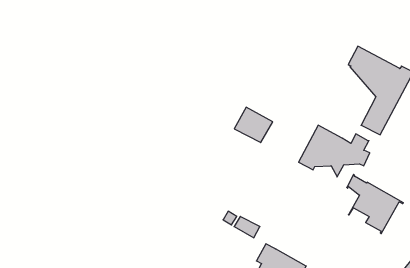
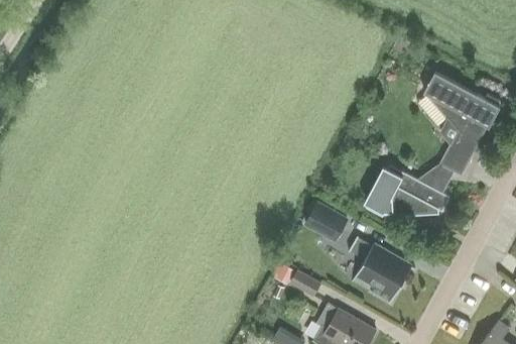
building: [234,107,273,143] -> [303,200,349,241]
building: [347,174,403,234] -> [349,235,415,305]

